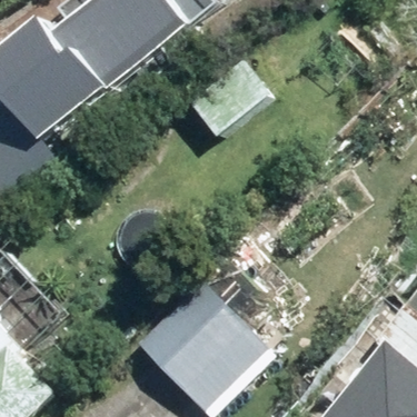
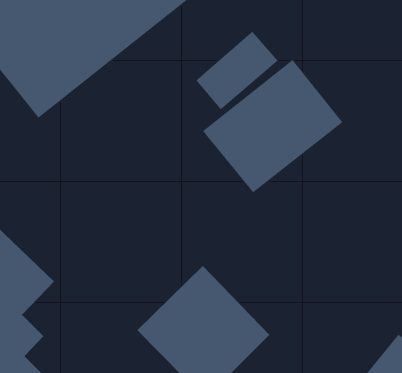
building: none -> [202,59,343,193]

